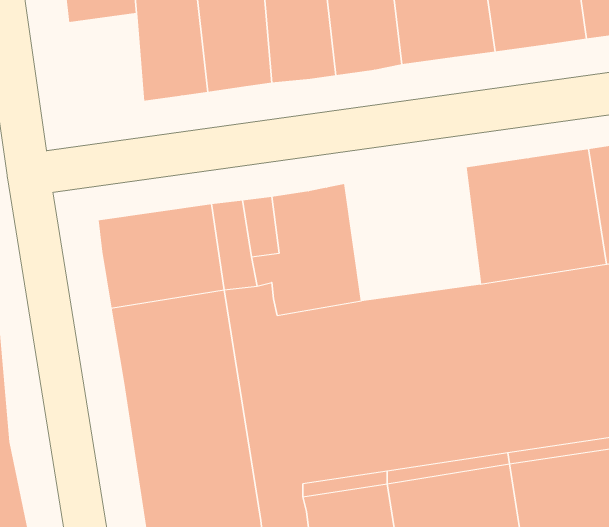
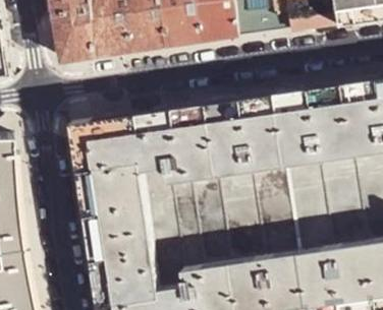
building: none -> [58,9,100,62]
building: none -> [212,95,287,169]

